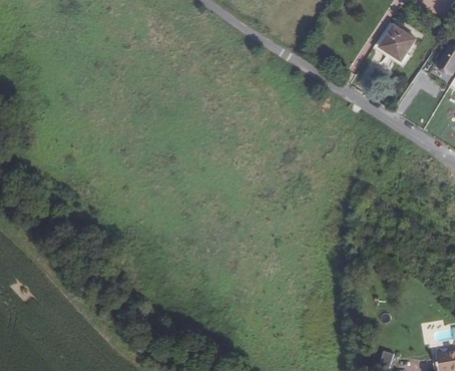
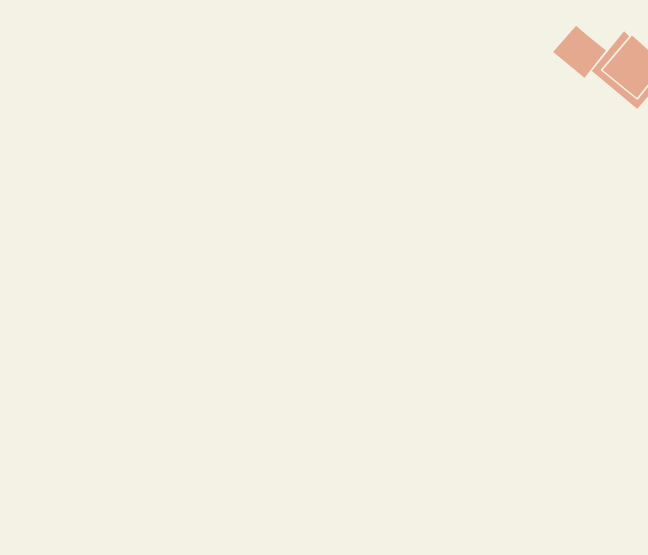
building: none -> [552,25,607,79]

